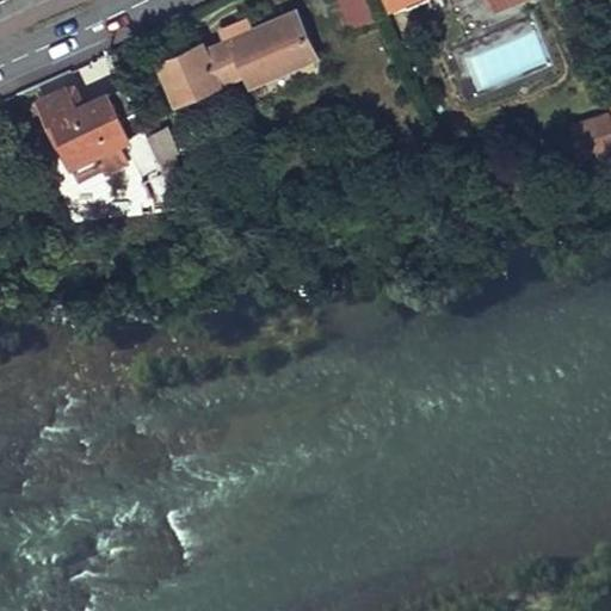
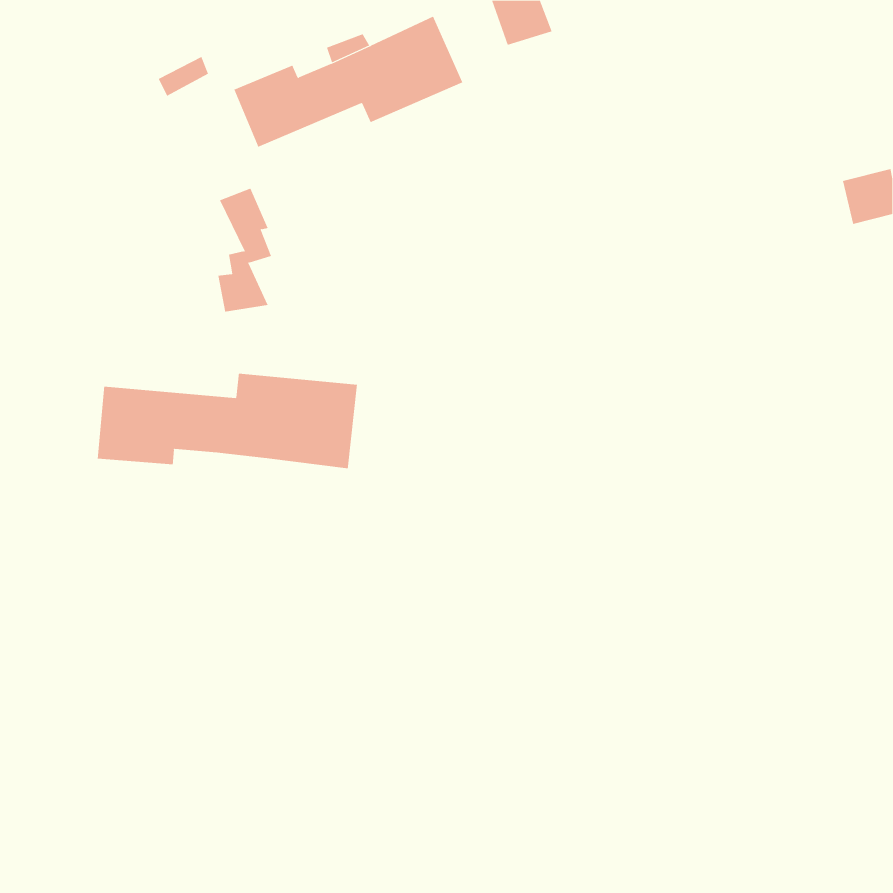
building: [39,87,123,177] -> none
building: none -> [97,373,357,469]

